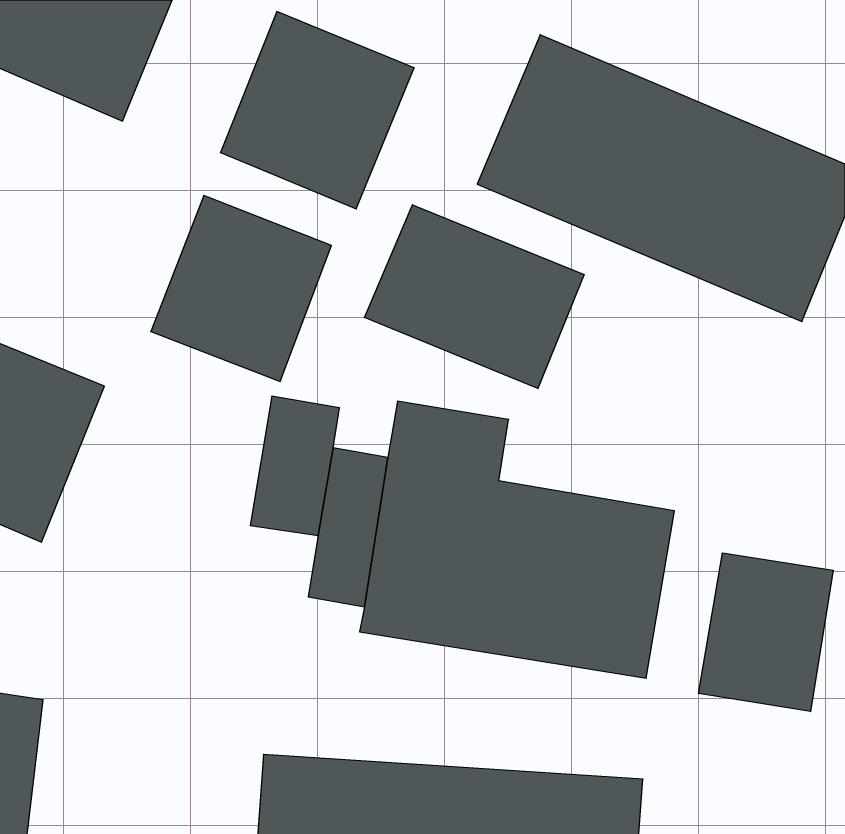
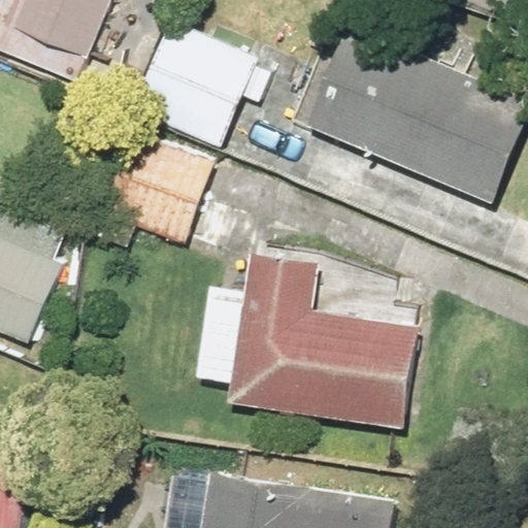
building: [365,205,584,389] -> none
building: [699,553,833,712] -> none

